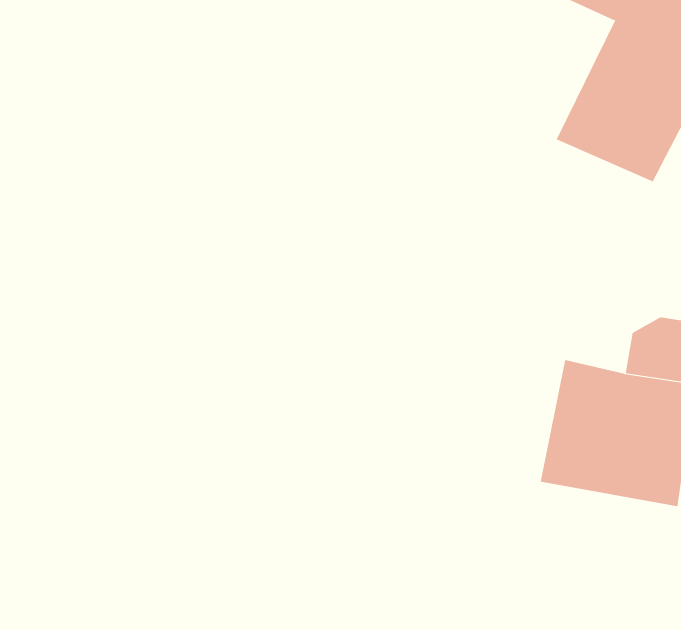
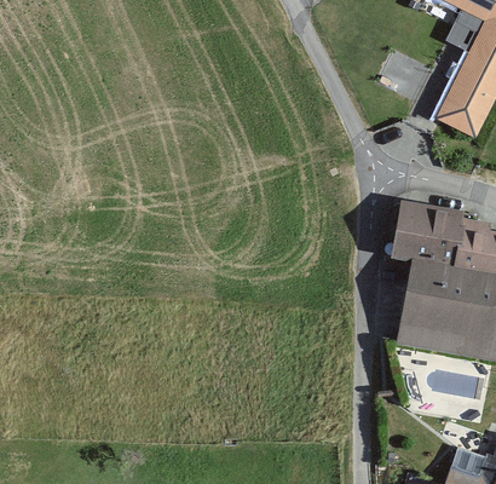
building: none -> [393,202,483,266]

